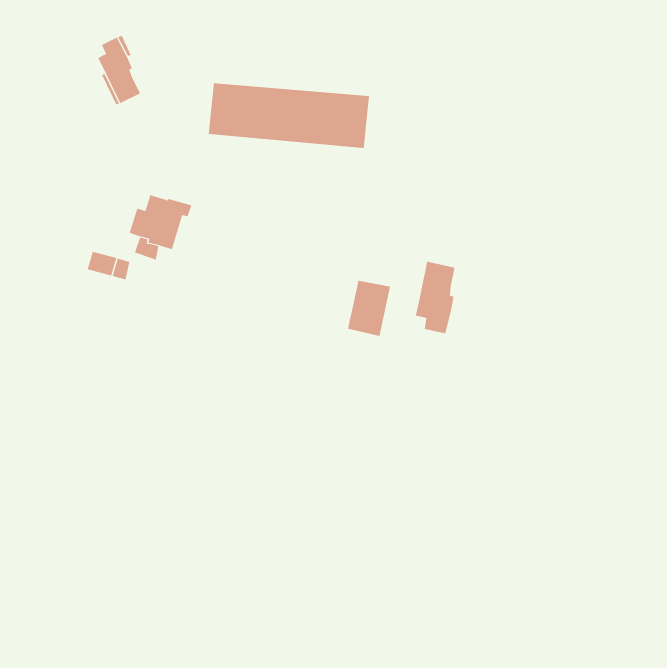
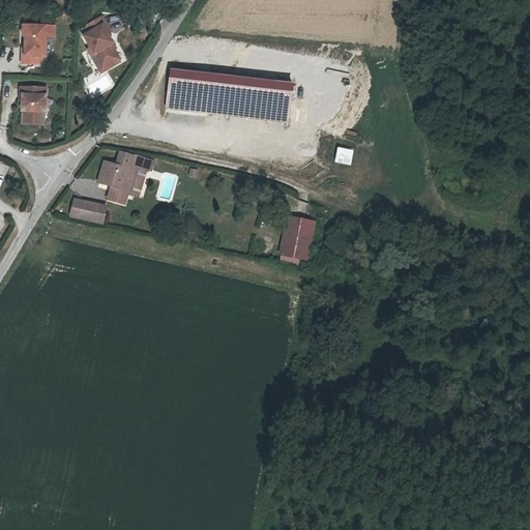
building: none -> [18,31,54,71]
building: none -> [13,92,40,119]
building: [415,261,455,334] -> none

